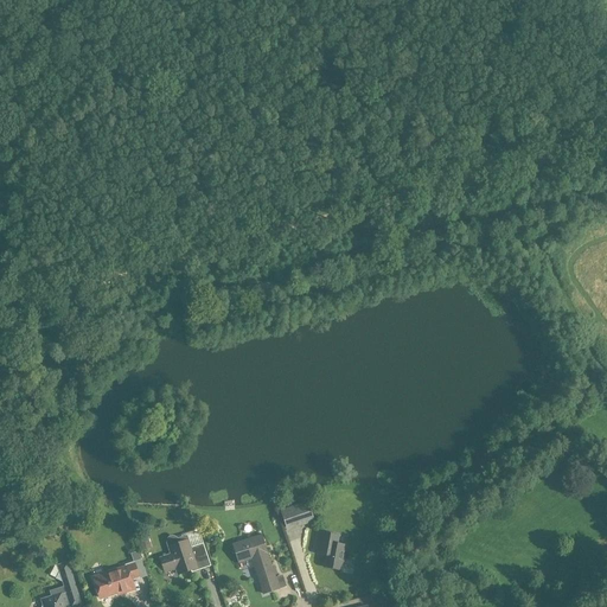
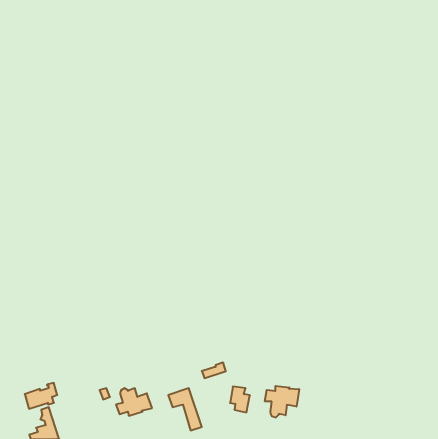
building: none -> [265,386,299,418]
building: [95,562,140,598] -> [25,383,57,409]

